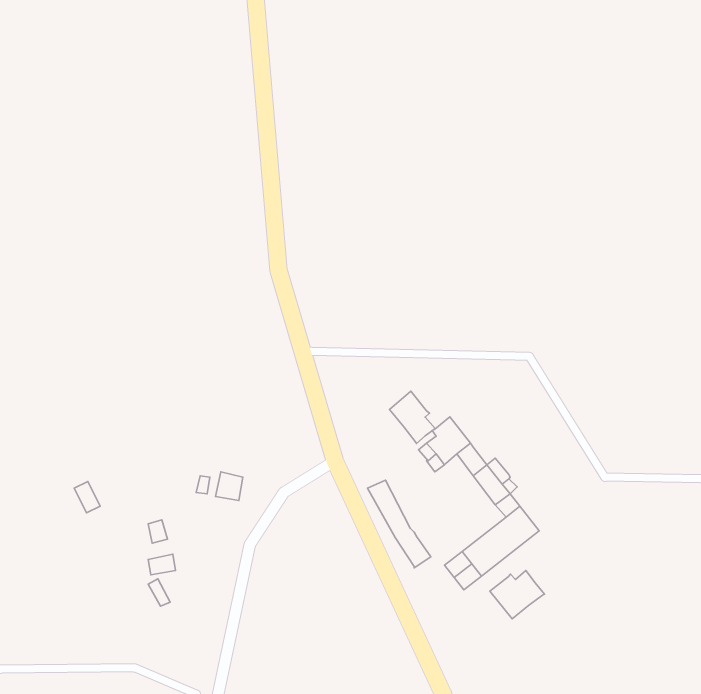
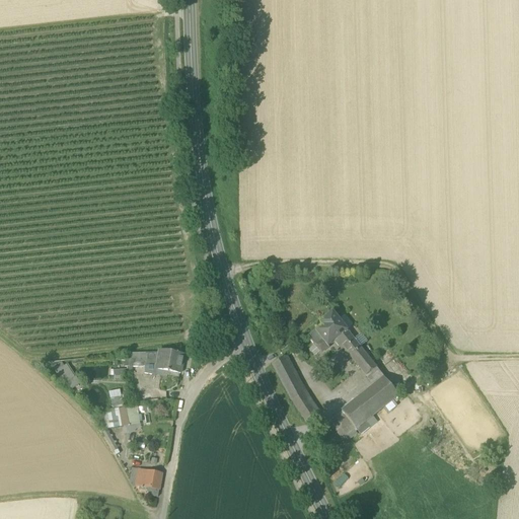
building: [389,391,435,444] -> none
building: [490,570,545,619] -> none
building: none -> [136,466,162,494]

